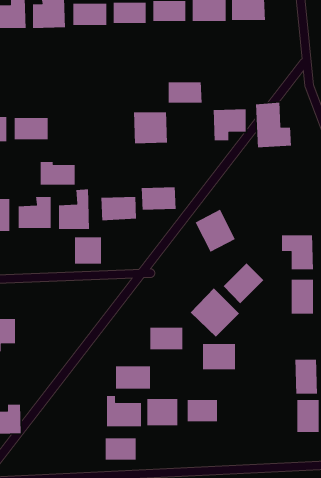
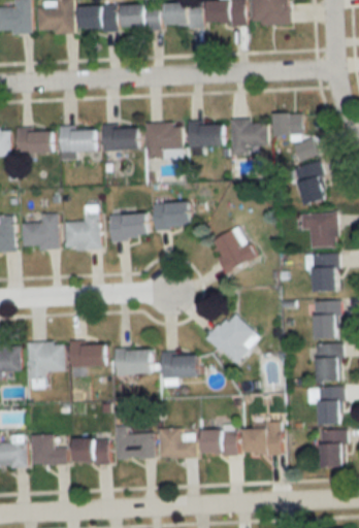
building: [168,81,202,104] -> [188,122,225,145]
building: none -> [102,125,139,148]
building: none -> [297,162,326,204]
building: [40,161,76,185] -> [59,125,97,151]
building: none -> [301,212,336,246]
building: [74,236,102,264] -> none
building: [223,262,264,304] -> none
building: none -> [27,341,62,378]
building: none -> [69,342,107,367]
building: none -> [317,344,340,382]
building: [202,343,236,370] -> [243,425,280,454]
building: [115,366,151,390] -> [113,349,152,374]
building: none -> [31,435,66,465]
building: [105,438,136,461] -> [74,439,108,464]

